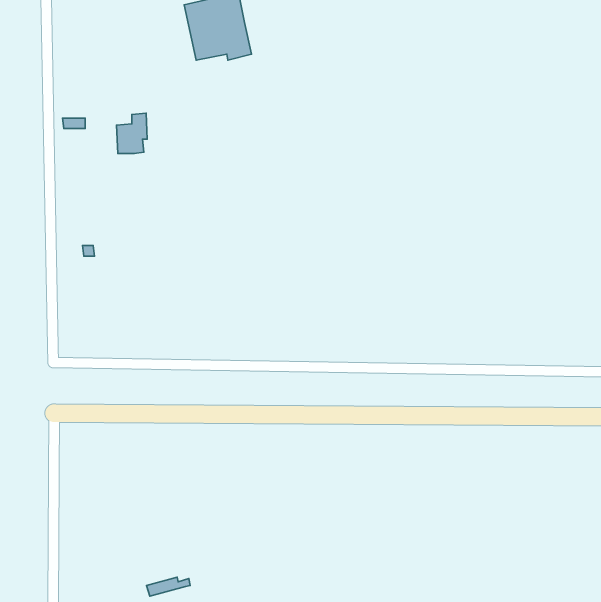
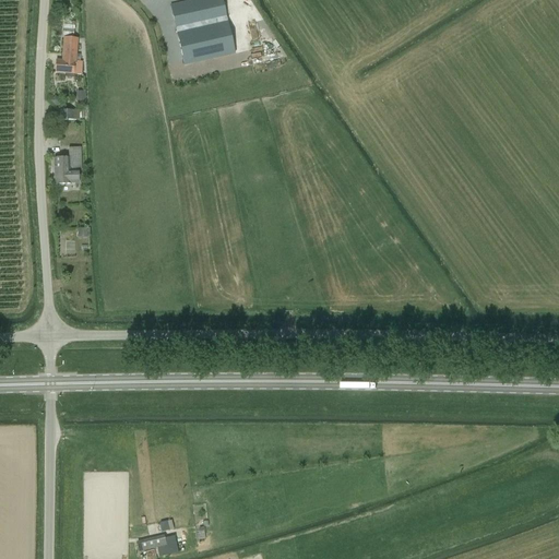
building: none -> [57,38,78,73]
building: [117,113,147,153] -> [56,146,84,183]

